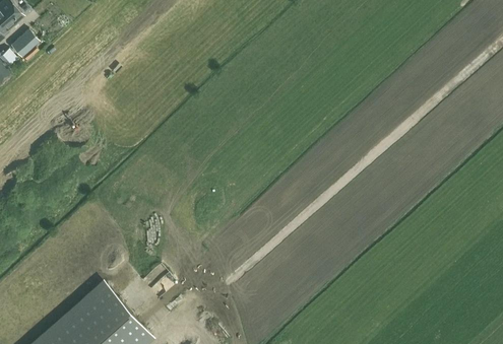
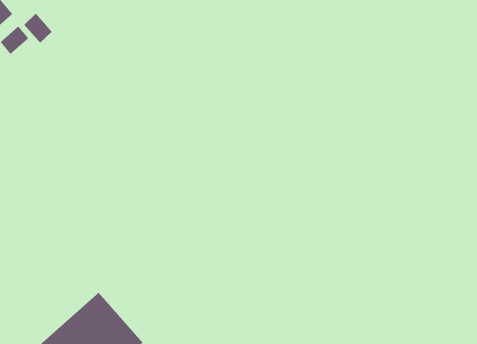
building: none -> [23,13,52,43]

